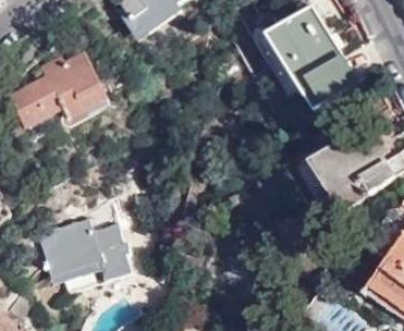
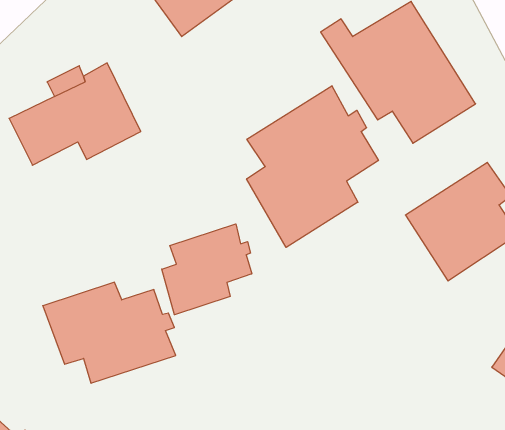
building: none -> [247,86,378,247]
building: none -> [162,224,252,315]

